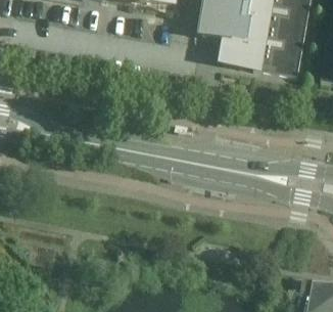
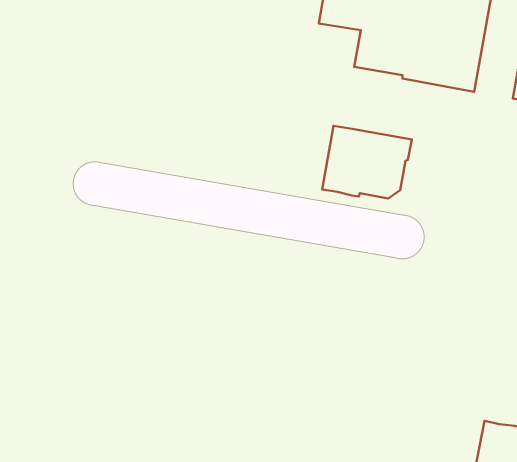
building: none -> [322,126,412,199]

